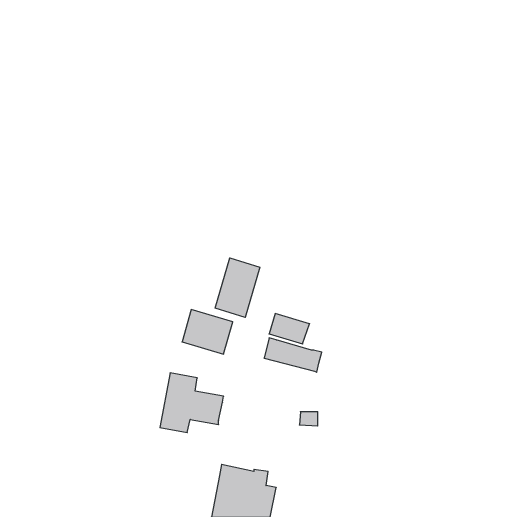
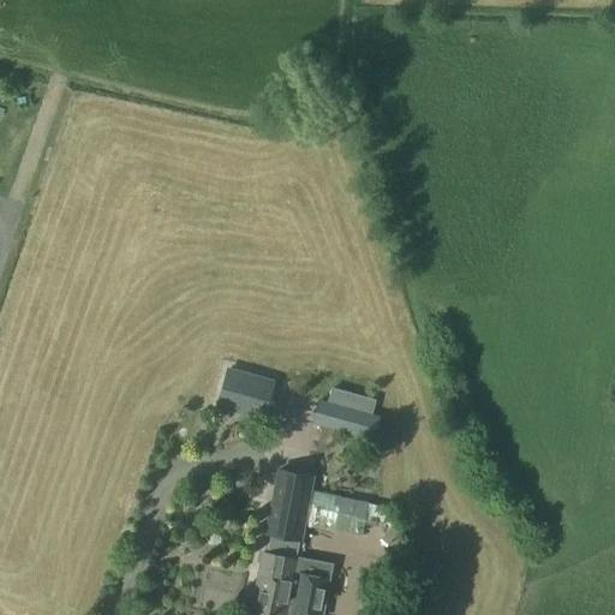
building: [215,258,260,317] -> none
building: [160,373,224,433] -> [269,470,345,541]

